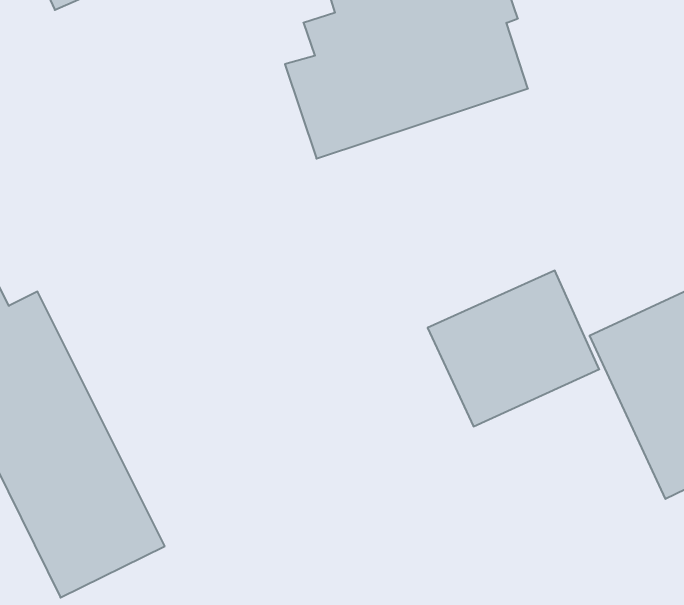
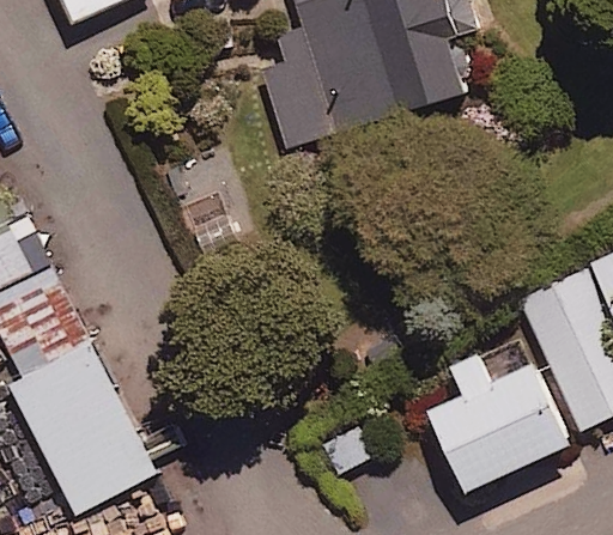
building: [428,271,599,426] -> [423,358,566,488]

